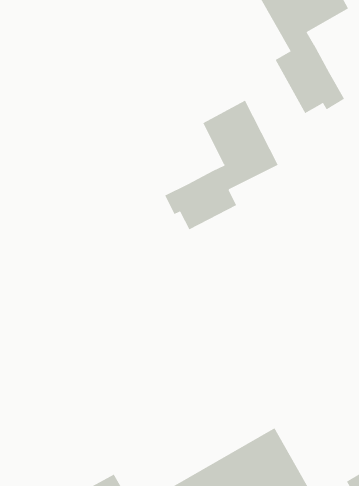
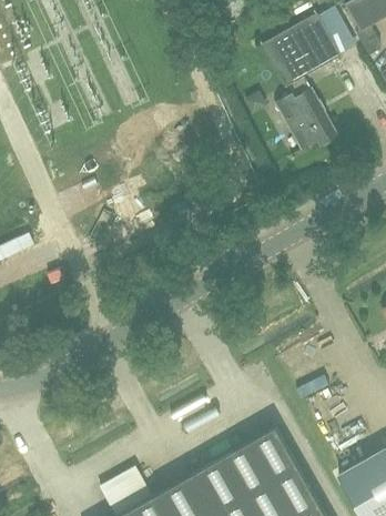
building: [165,100,279,230] -> none

